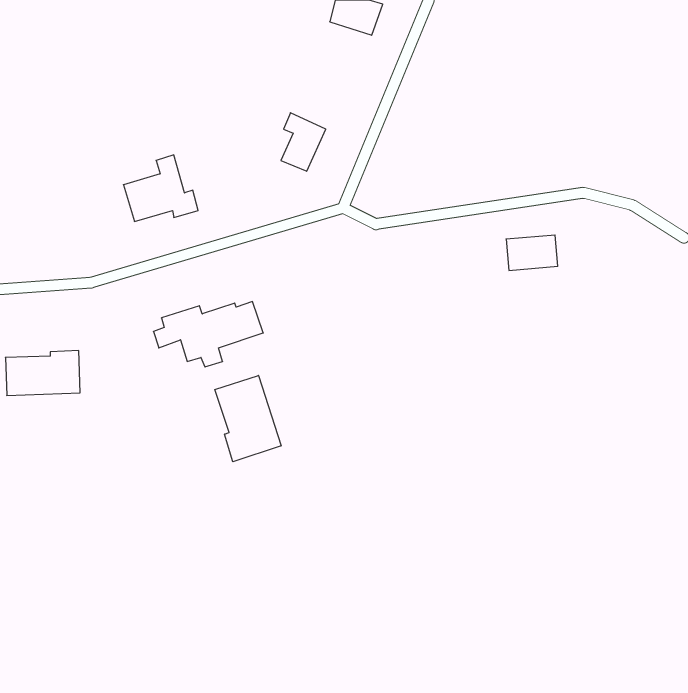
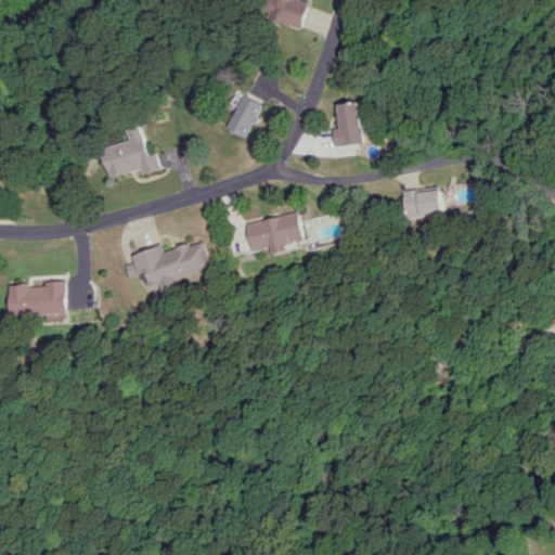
building: none -> [334,102,366,147]
building: none -> [245,212,304,251]
building: [215,375,281,462] -> none

